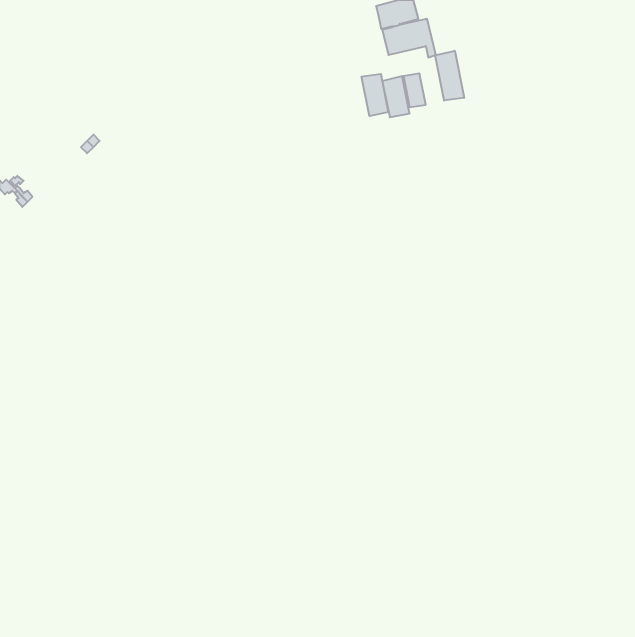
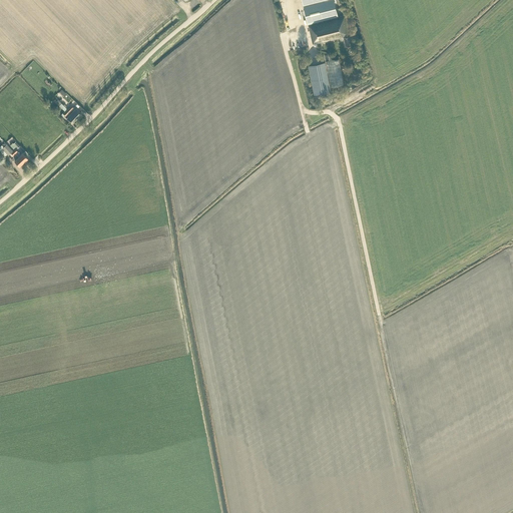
building: [435,51,464,101] -> none
building: [362,74,388,116] -> none

